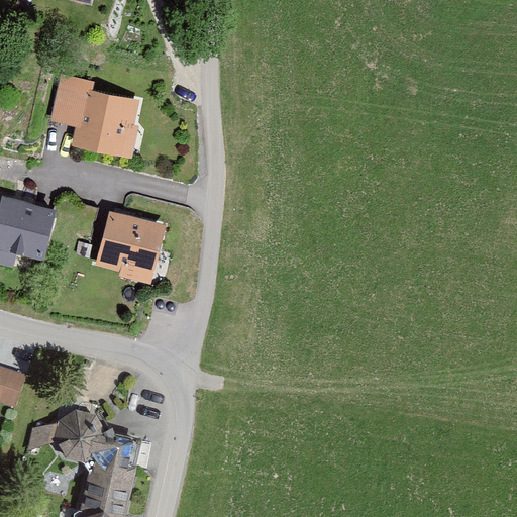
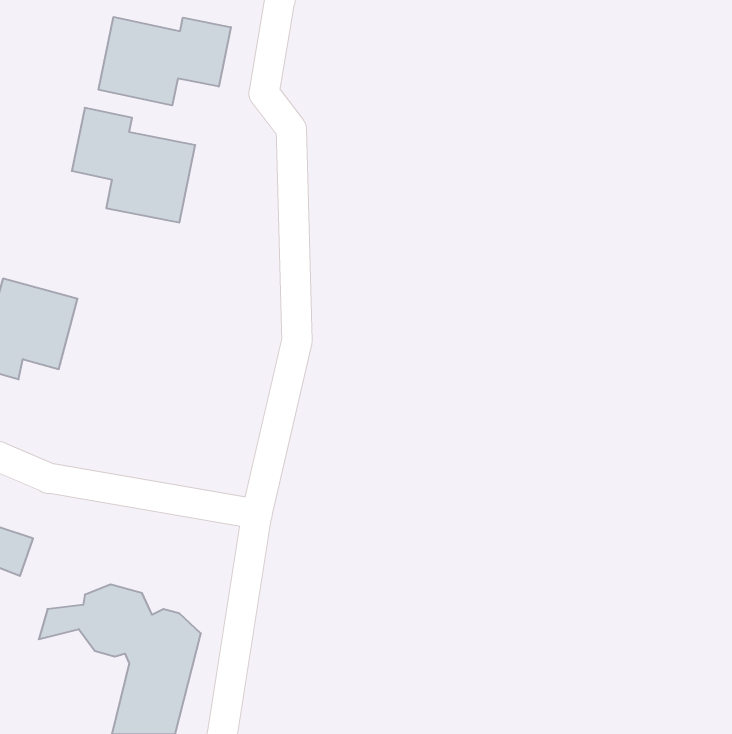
building: none -> [99,17,231,105]
building: [95,212,164,280] -> none

